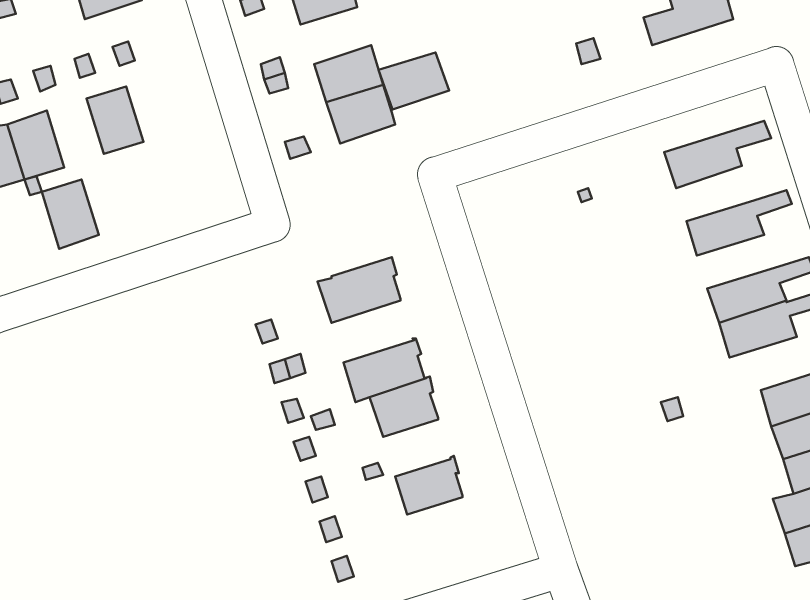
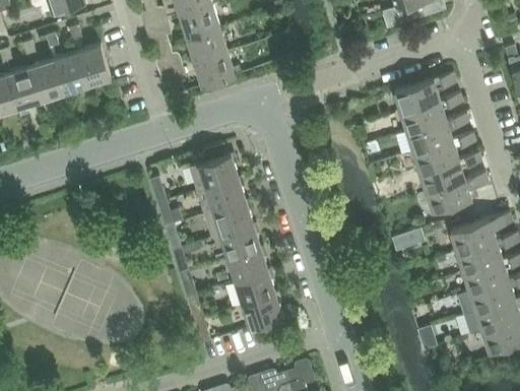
building: [379,52,449,109] -> [179,6,220,40]
building: none -> [76,45,111,85]
building: none -> [400,94,462,132]
building: [42,180,99,249] -> [29,60,63,101]
building: none -> [412,133,474,172]
building: none -> [197,178,246,215]
building: none -> [228,247,267,282]
building: none -> [242,294,282,329]

